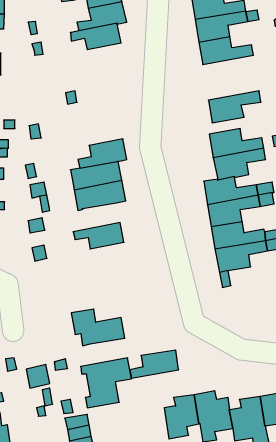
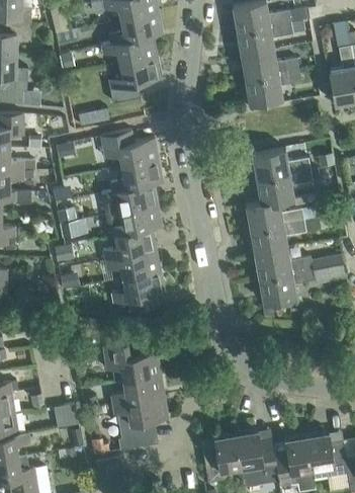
building: none -> [108,57,161,89]
building: [208,91,261,123] -> [245,70,301,104]
building: none -> [101,131,159,167]
building: none -> [103,229,156,260]
building: none -> [111,271,165,313]
building: [130,350,179,378] -> [111,375,164,405]

